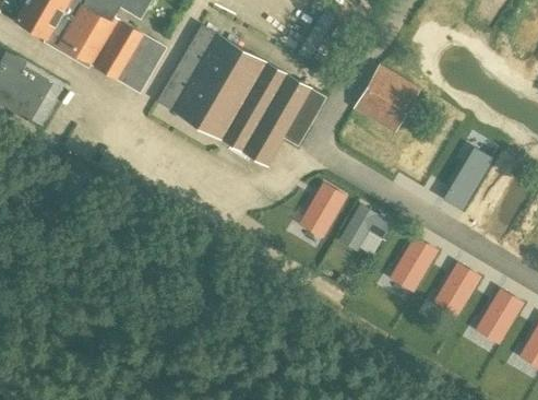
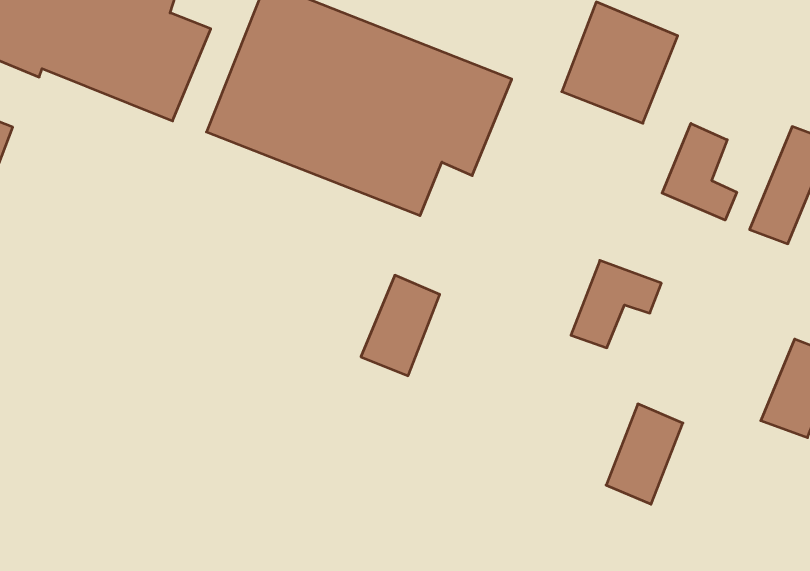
building: none -> [662,123,737,220]
building: [299,181,347,237] -> [361,275,440,376]
building: [391,236,438,292] -> [606,404,683,504]

